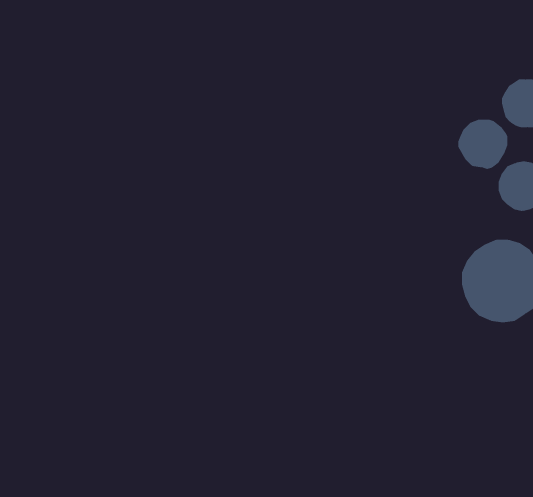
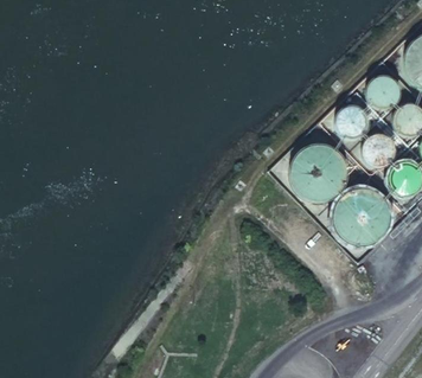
building: none -> [292,142,350,199]

